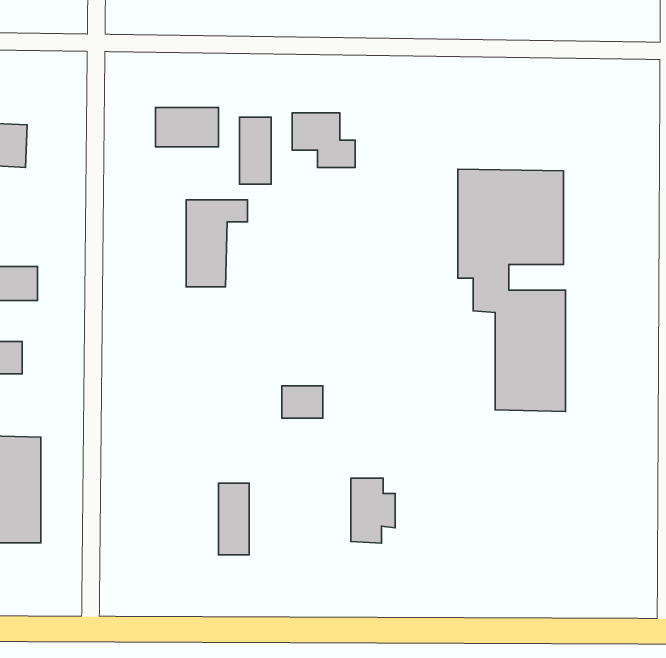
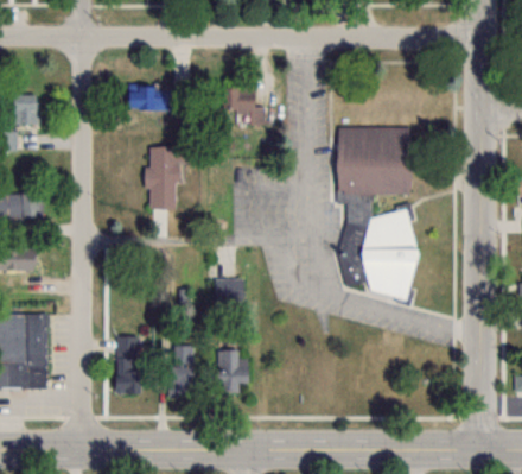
building: [239,117,271,184] -> none
building: none -> [116,336,141,393]
building: [351,478,395,543] -> [217,348,248,393]

